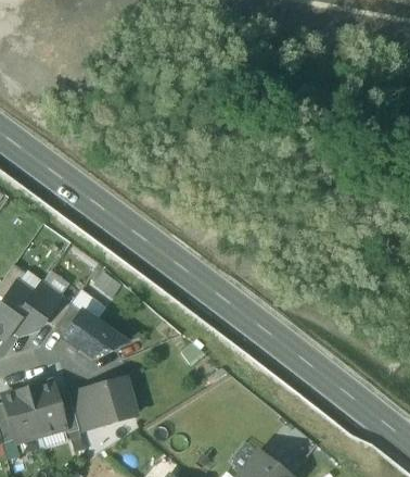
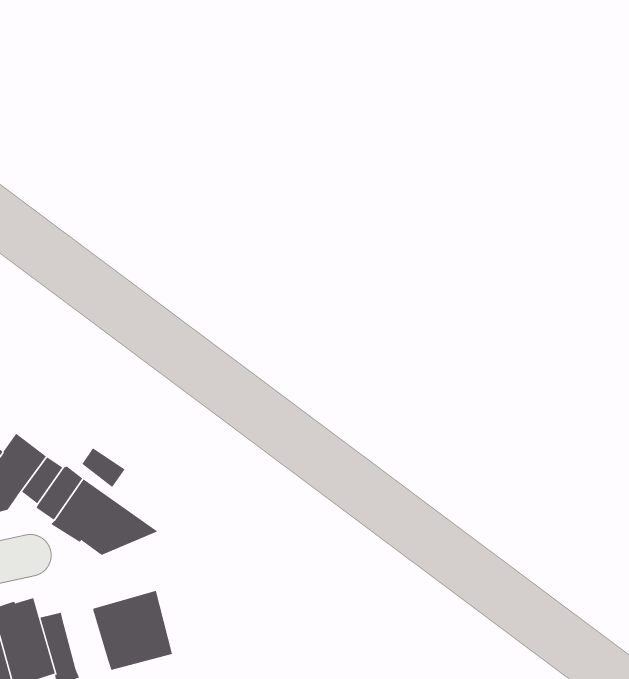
building: [69,389,95,424] -> none

